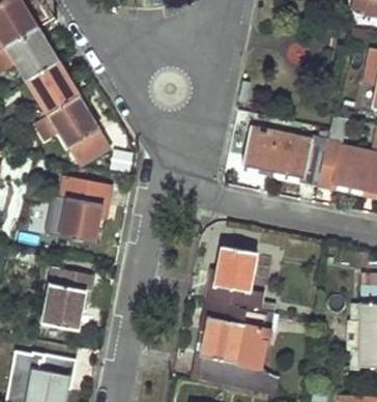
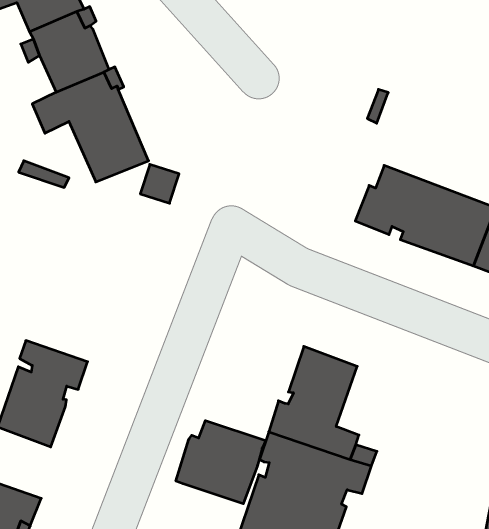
building: [60,176,109,242] -> none
building: none -> [176,421,266,504]

